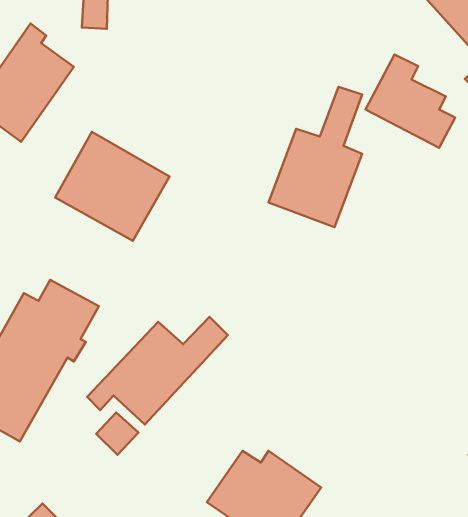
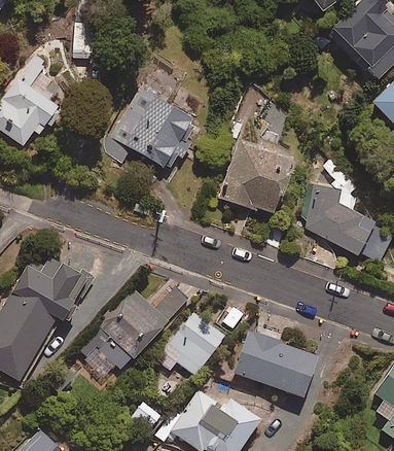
building: [366,54,455,148] -> [299,183,369,256]
building: [55,132,170,241] -> [112,88,202,173]
building: none -> [163,313,223,376]
building: none -> [232,329,315,396]

